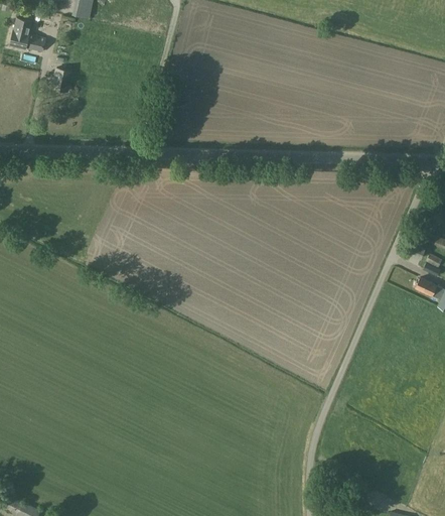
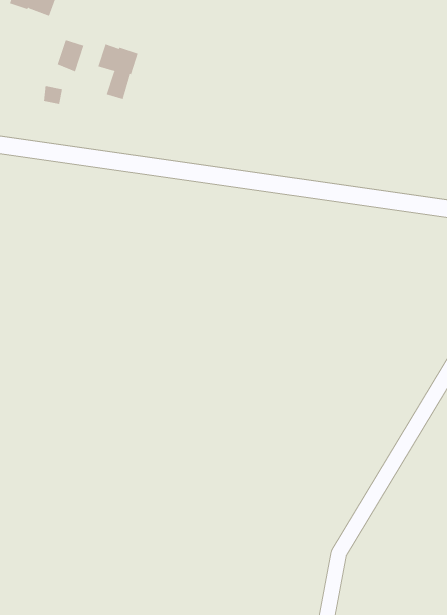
building: none -> [98,44,138,100]

